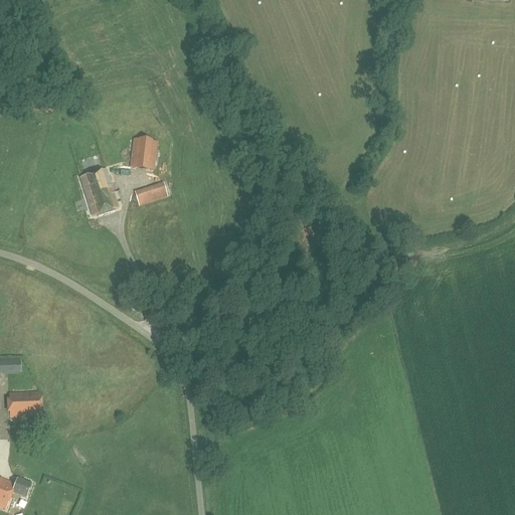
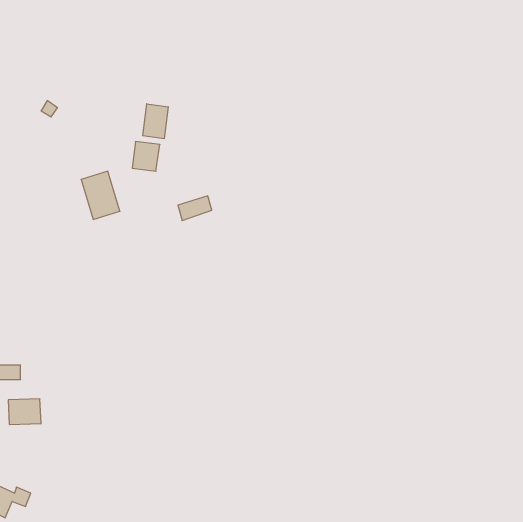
building: none -> [143,104,168,139]
building: [134,181,167,205] -> [178,196,212,221]

